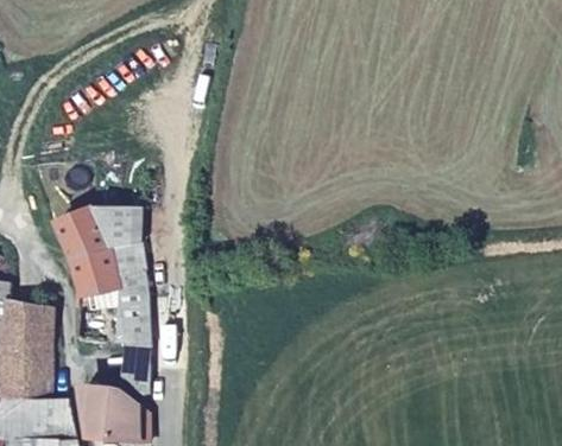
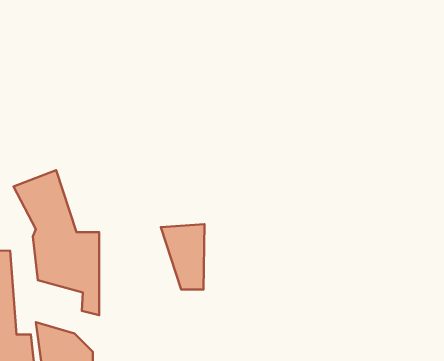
building: [100,200,151,276] -> [161,224,205,289]

